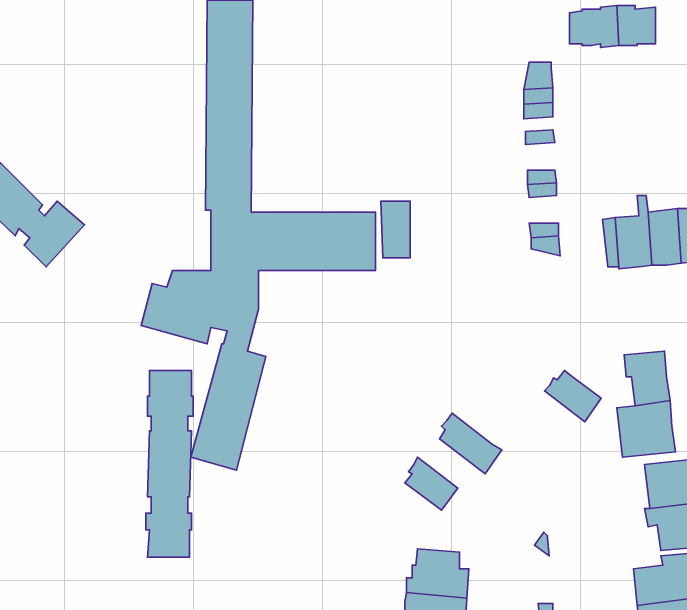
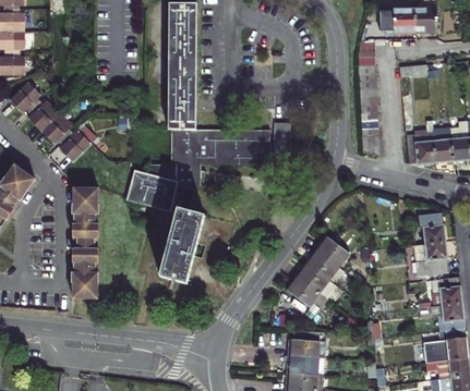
building: [146,371,193,557] -> [71,186,99,297]
building: [544,371,601,422] -> [315,236,349,267]
building: none -> [294,264,336,298]

